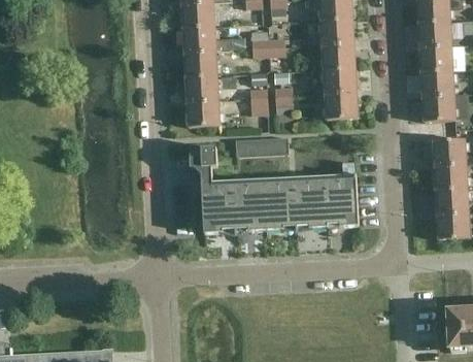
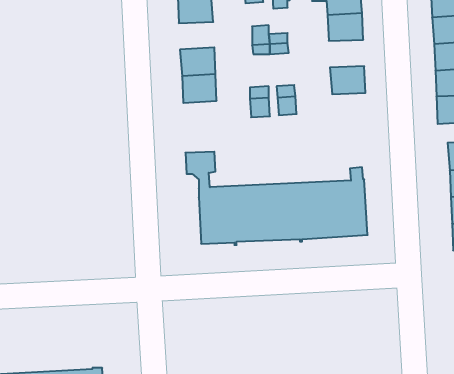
building: [182,27,231,53] -> none
building: [322,43,354,69] -> none
building: [325,93,357,119] -> none
building: [187,100,219,127] -> none
building: [235,137,288,157] -> none

